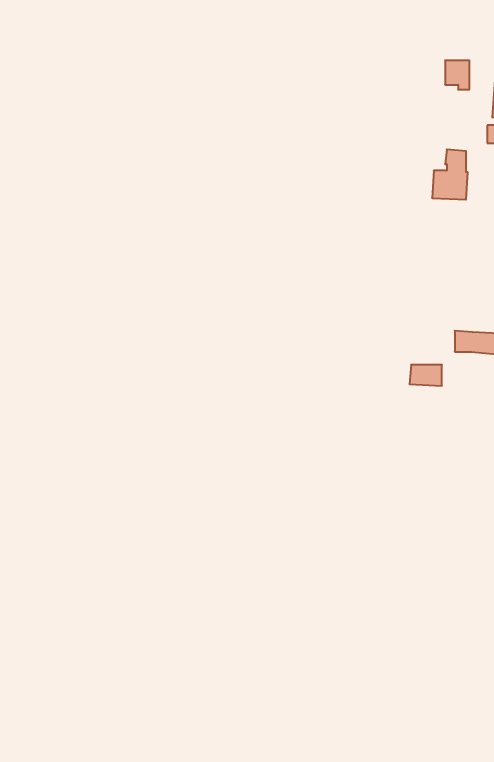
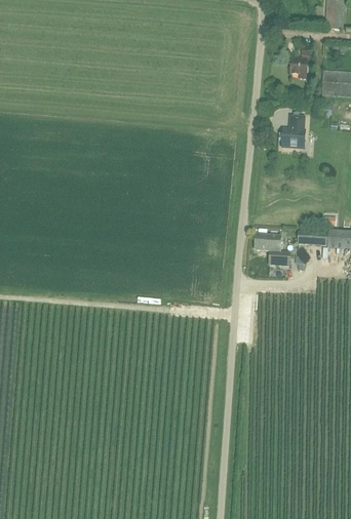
building: none -> [254,234,280,251]

